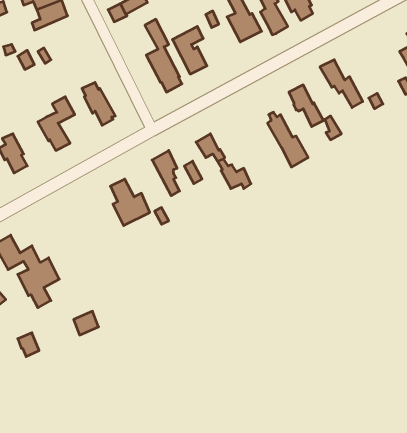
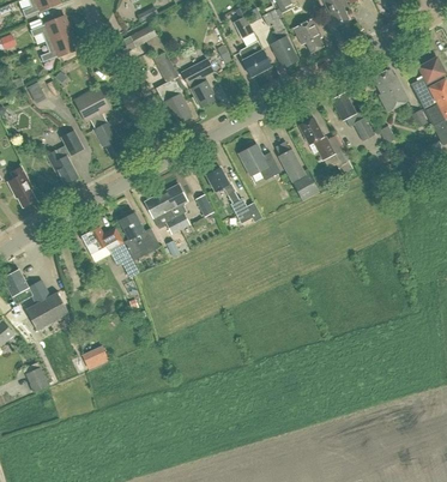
building: none -> [373,68,409,110]
building: none -> [74,86,110,121]
building: none -> [238,144,280,180]
building: none -> [145,193,181,233]
building: none -> [81,227,131,264]

